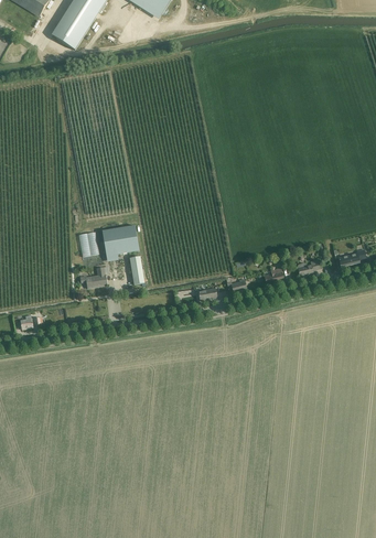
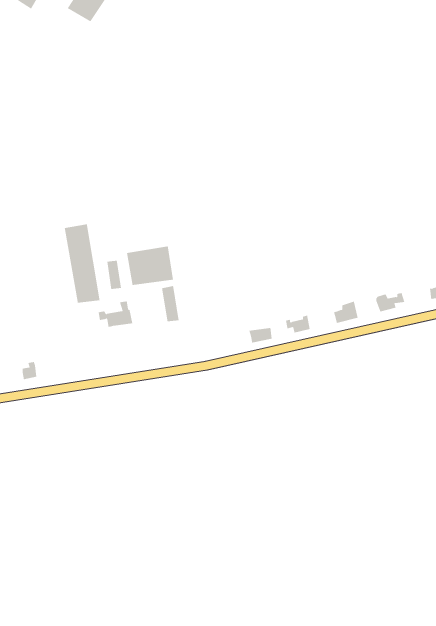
building: none -> [64,224,100,304]

